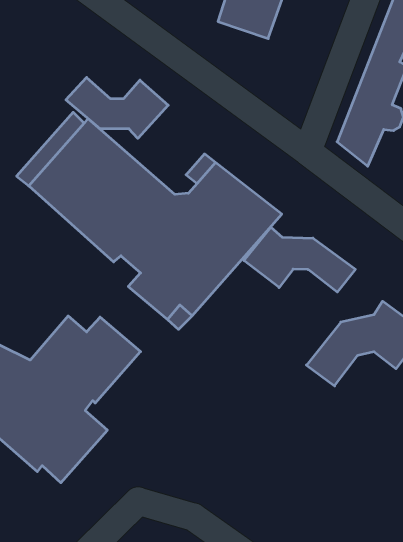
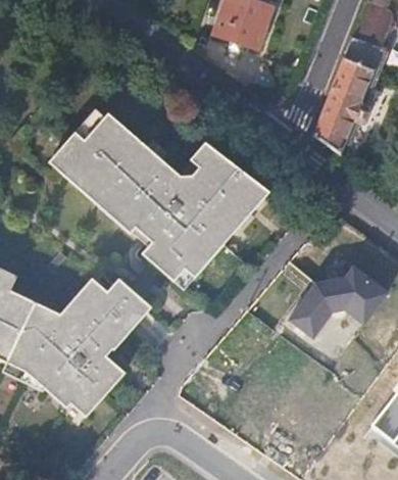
building: [66,77,168,138] -> none
building: [244,227,355,292] -> none

